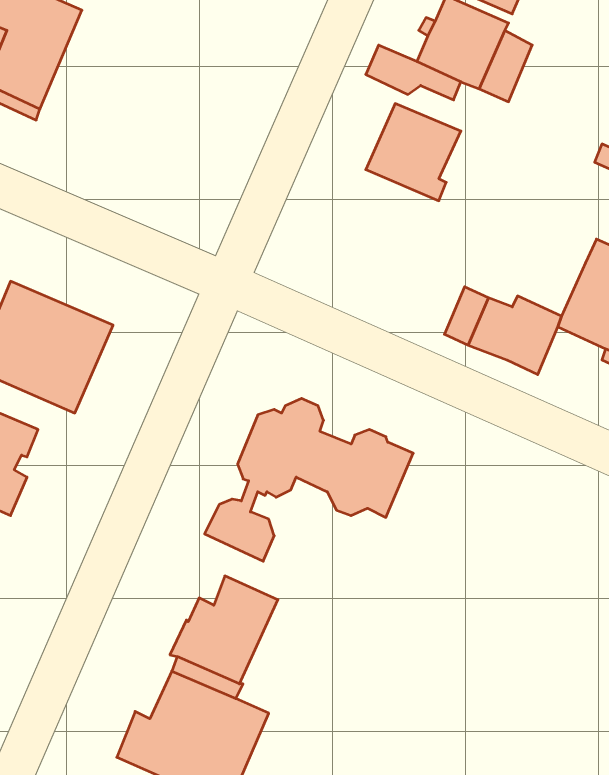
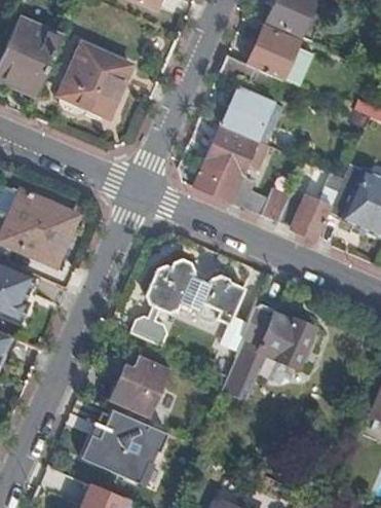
building: none -> [60,45,130,118]
building: none -> [193,126,261,210]
building: none -> [222,302,317,400]

